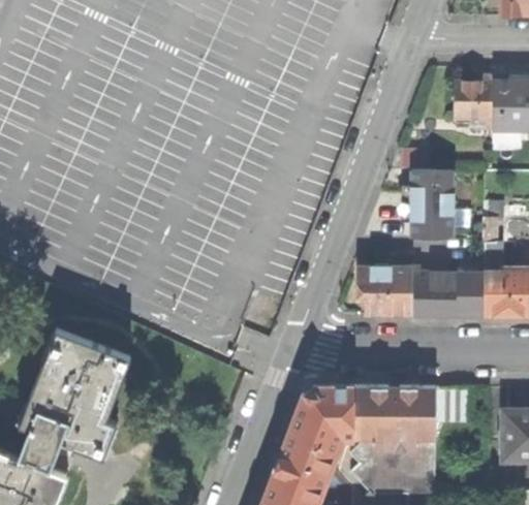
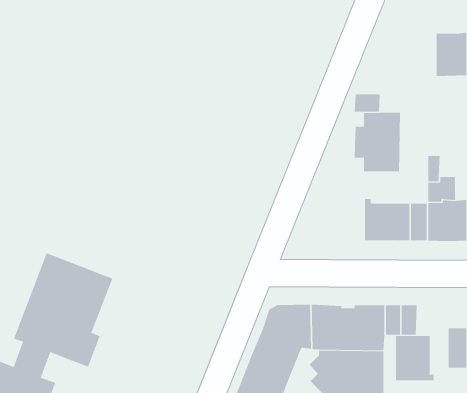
building: [456,76,493,127] -> none
building: [357,267,412,315] -> none
building: none -> [396,335,434,381]

